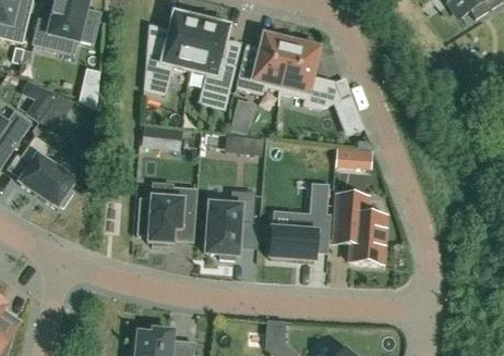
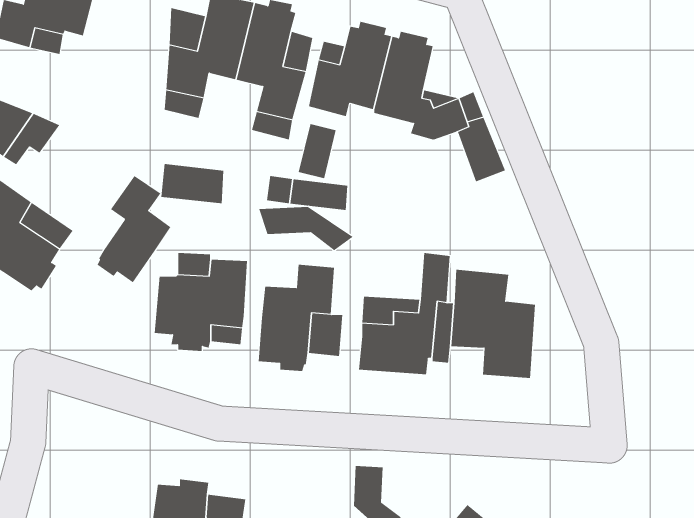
building: [79,67,100,108] -> none
building: none -> [97,175,171,283]
building: [336,146,373,171] -> none
building: none -> [258,206,354,251]

